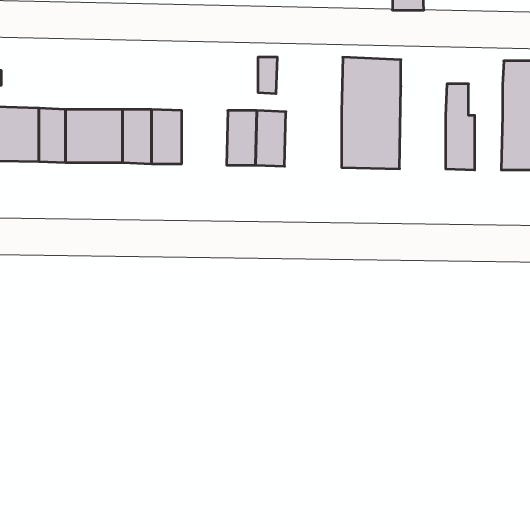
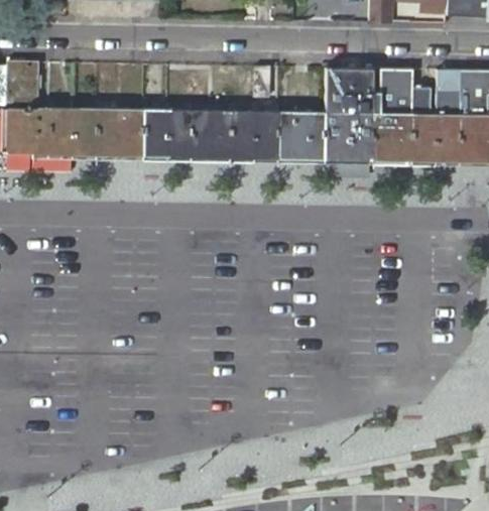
building: none -> [374,70,413,160]
building: none -> [437,70,461,161]
building: none -> [193,112,231,157]
building: none -> [278,113,326,159]

